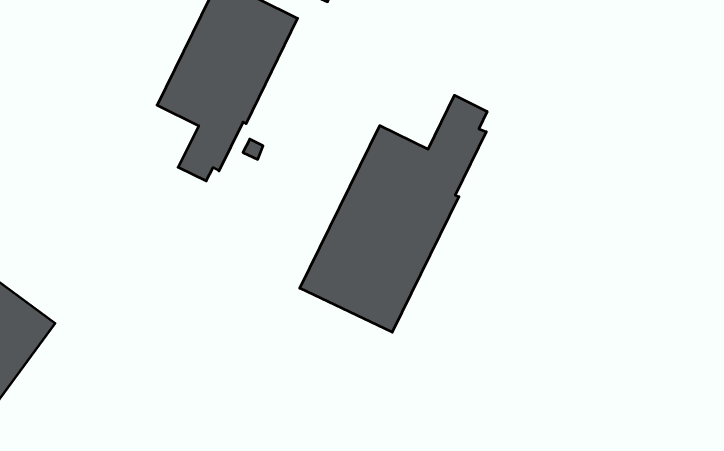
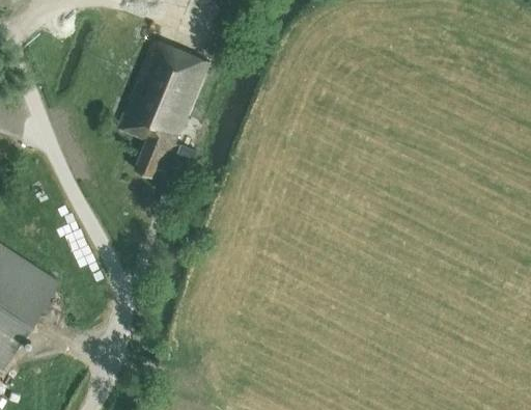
building: [300,95,487,332] -> none

